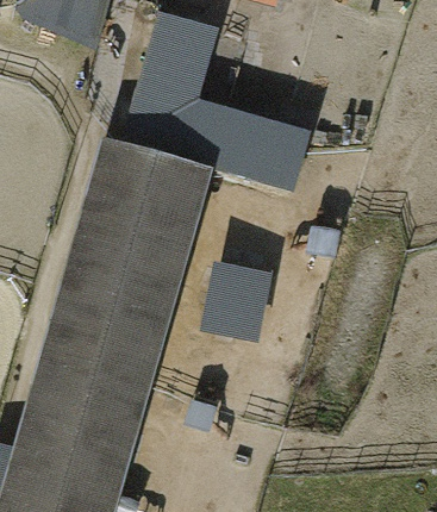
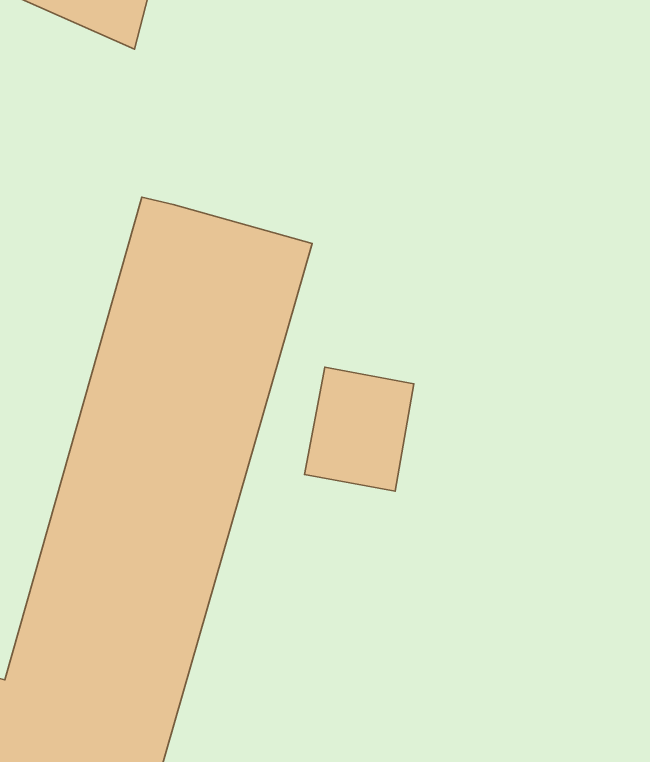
building: [123,18,310,193] -> none

